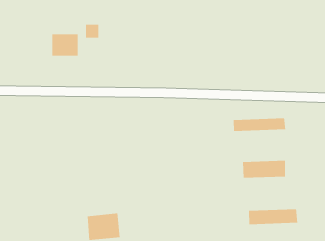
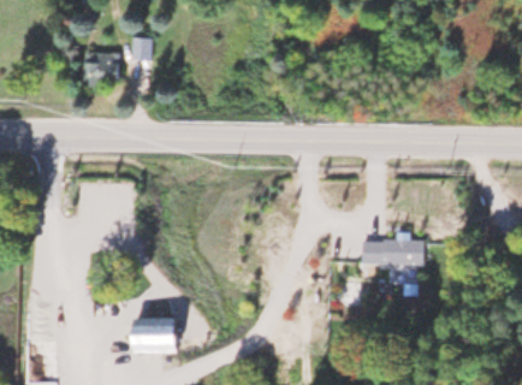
building: [233,118,286,132] -> none
building: [248,208,298,225] -> none

